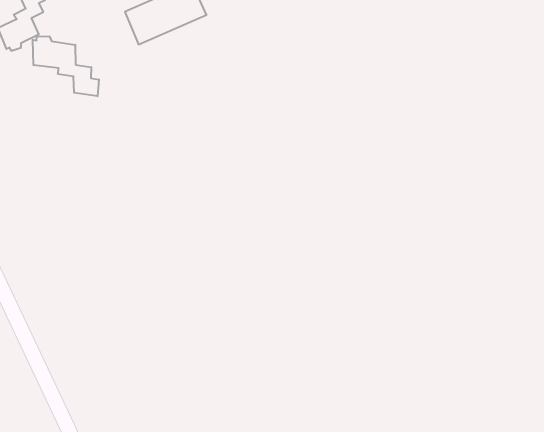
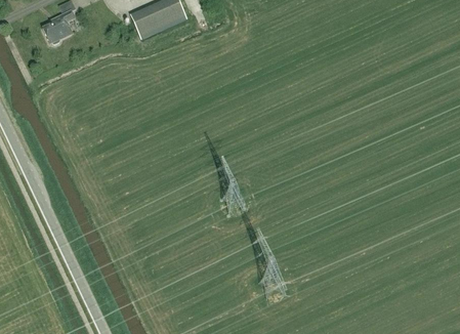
building: [33,36,99,96] -> none

